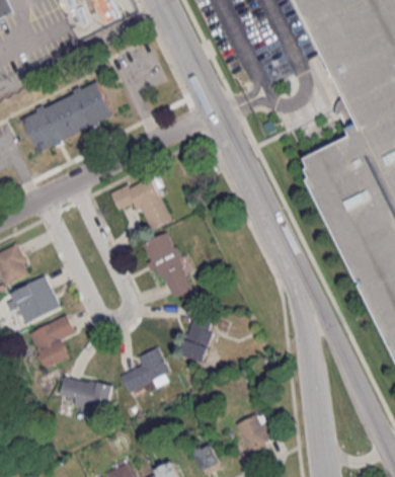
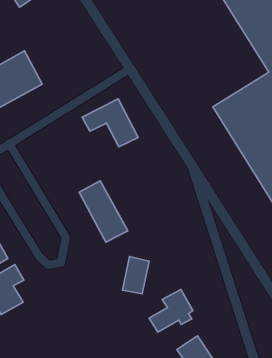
building: [110,177,170,230] -> [82,99,138,147]
building: [121,347,169,392] -> [149,290,193,332]
building: [61,378,110,411] -> none

